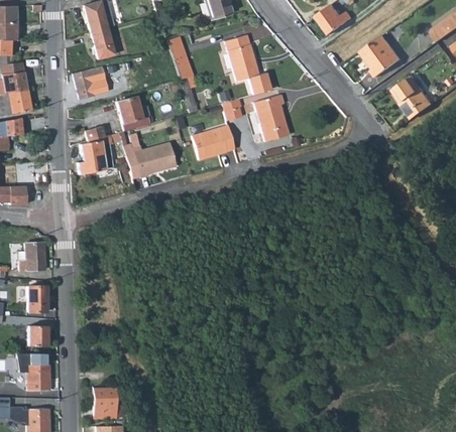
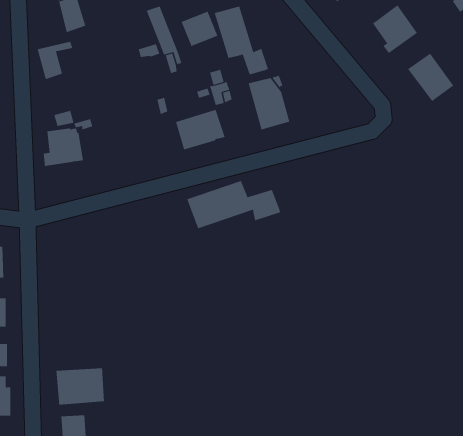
building: none -> [181,11,218,47]
building: [117,96,150,131] -> none
building: [126,144,177,178] -> none
building: none -> [186,180,281,229]
building: none -> [56,368,105,406]

